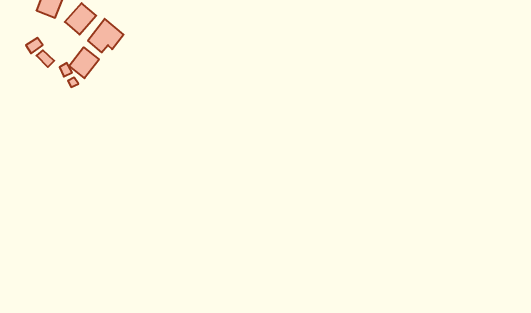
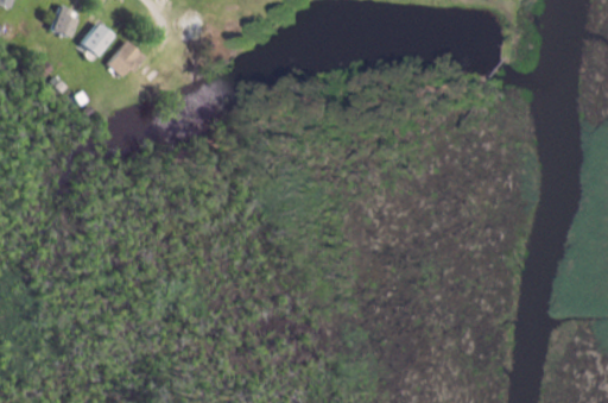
building: [69,47,99,78] -> none

